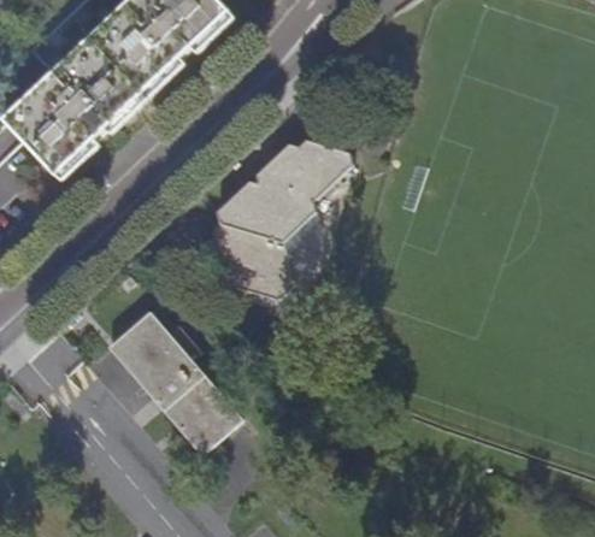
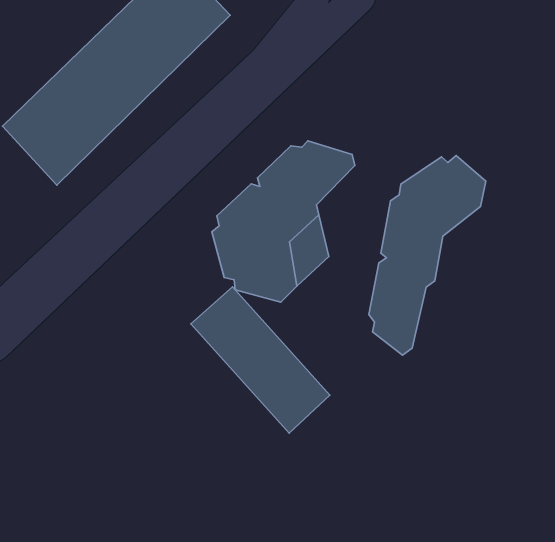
building: none -> [369,156,486,355]
building: [107,312,243,455] -> [191,287,330,433]

